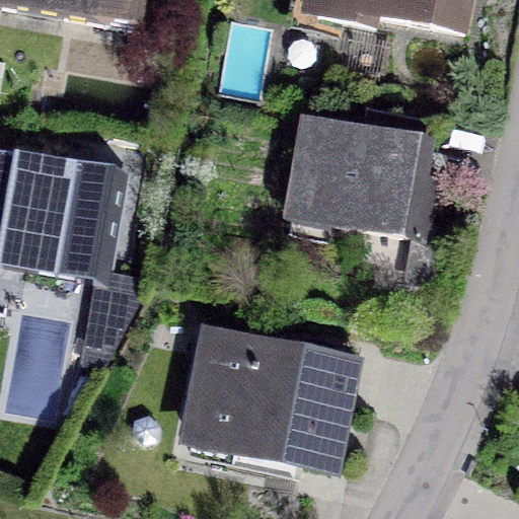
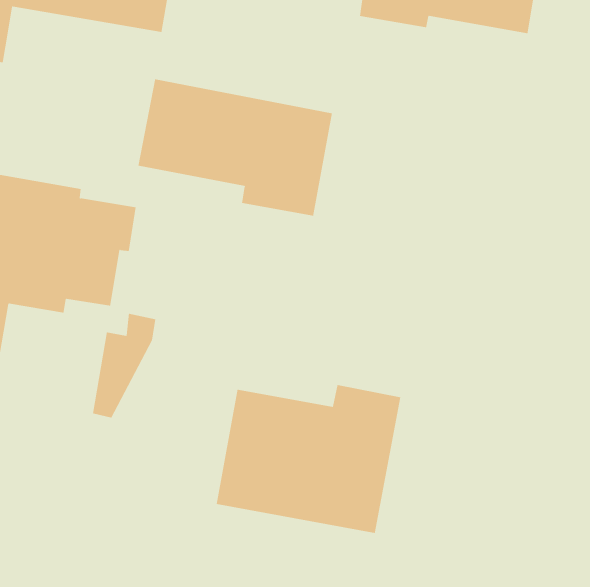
building: none -> [138,79,333,217]
building: [287,108,440,281] -> none

